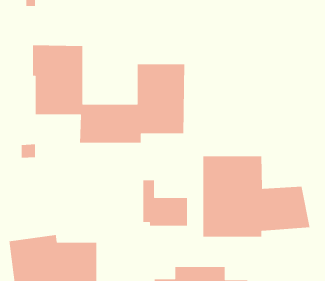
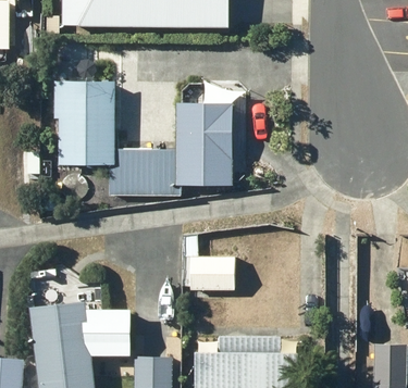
building: [203,155,310,238] -> none

